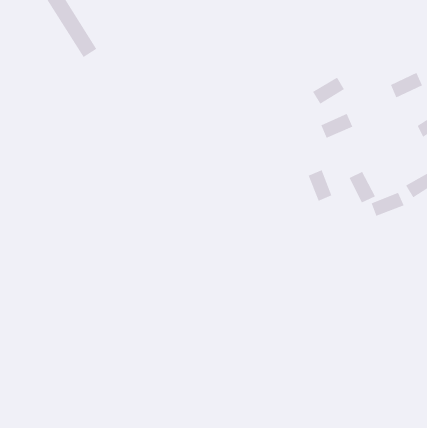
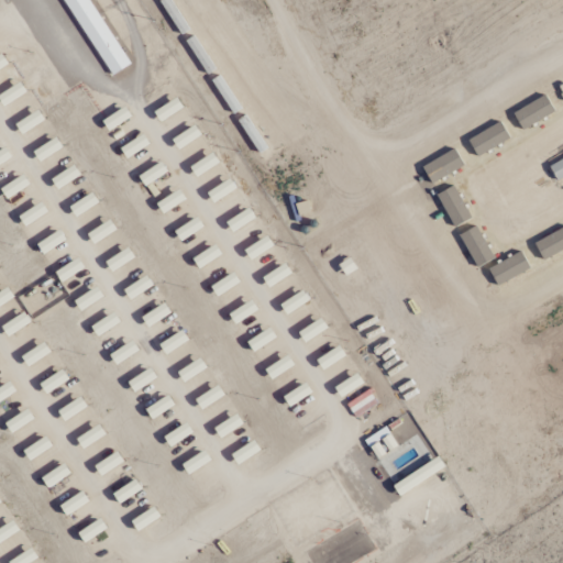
building: [312,77,345,104] -> [468,120,511,156]
building: [308,170,332,201] -> [439,185,471,227]

